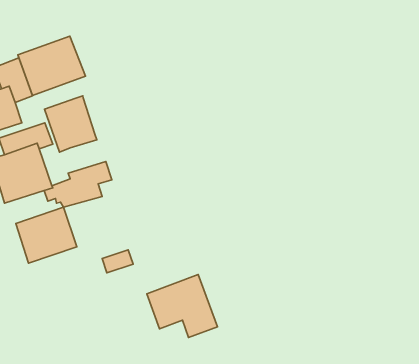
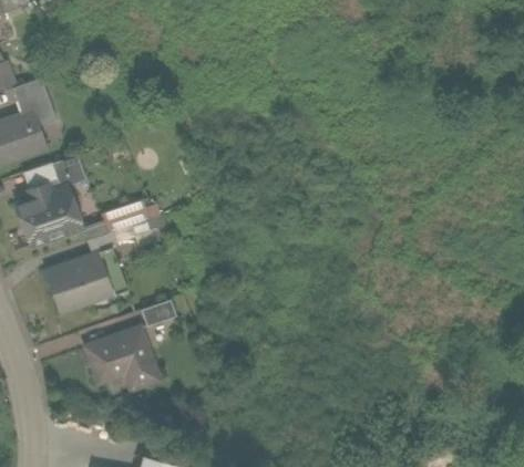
building: [18,36,85,95] -> none
building: [44,96,97,152] -> none
building: [147,275,217,338] -> [82,321,163,393]

